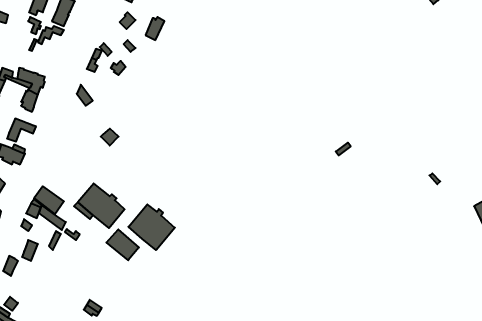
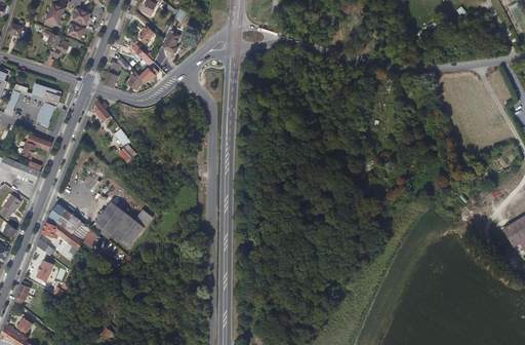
building: [128,204,175,250] -> none
building: [106,229,139,260] -> none

